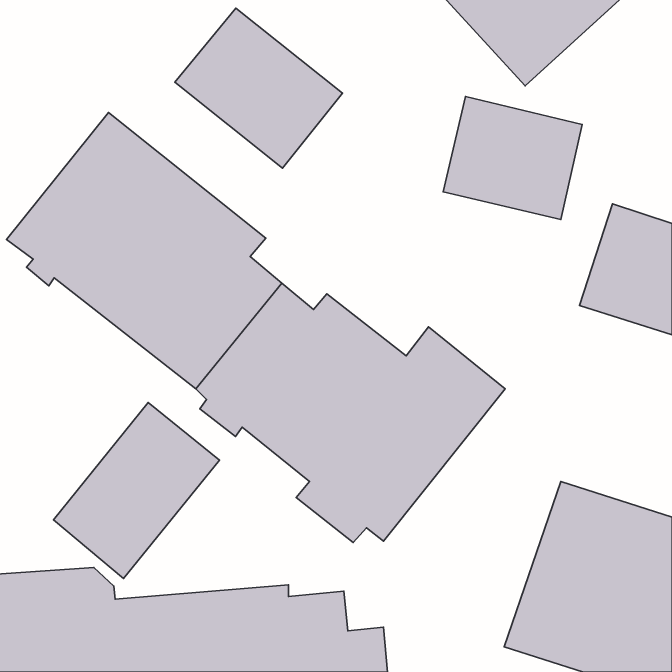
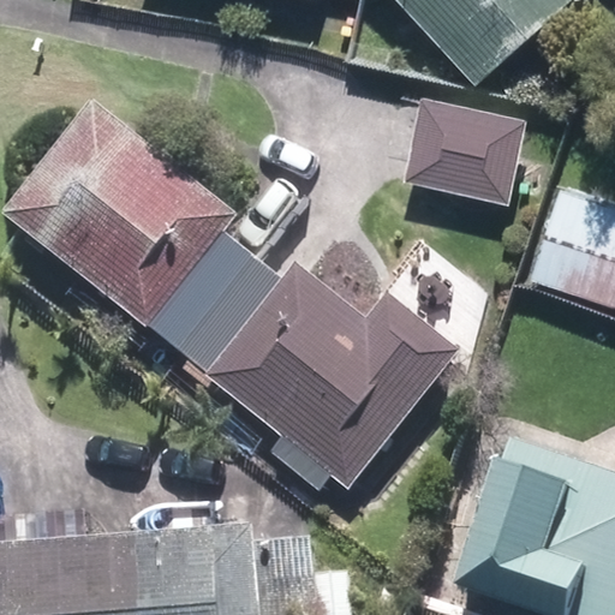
building: [175,8,343,168] -> none
building: [53,402,220,579] -> none

